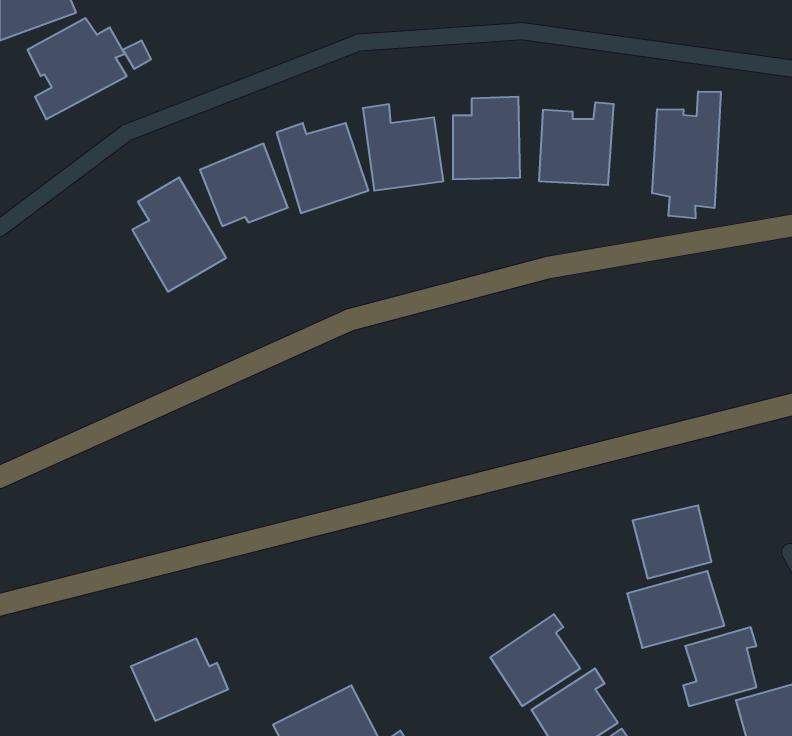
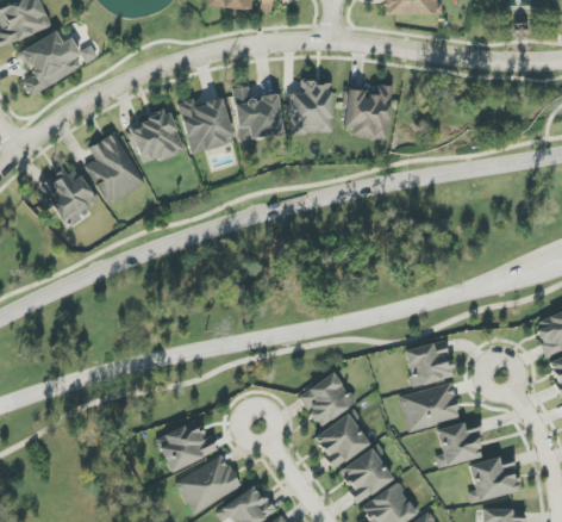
building: [652,91,721,218] -> none
building: none -> [36,166,96,228]
building: none -> [299,372,355,427]
building: [131,638,228,721] -> [156,420,218,472]

